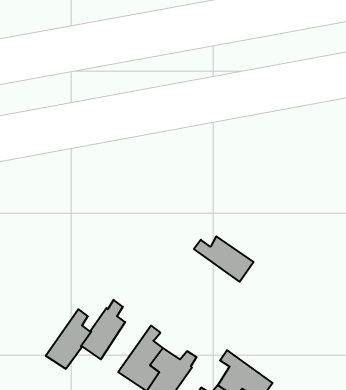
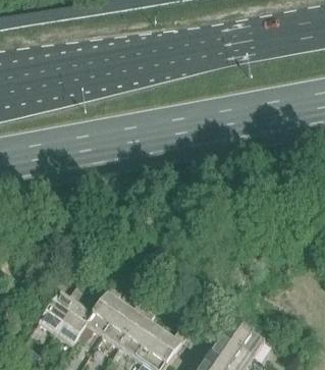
building: [194,236,254,282] -> [213,317,265,357]
building: none -> [39,287,84,333]
building: none -> [103,301,147,348]

